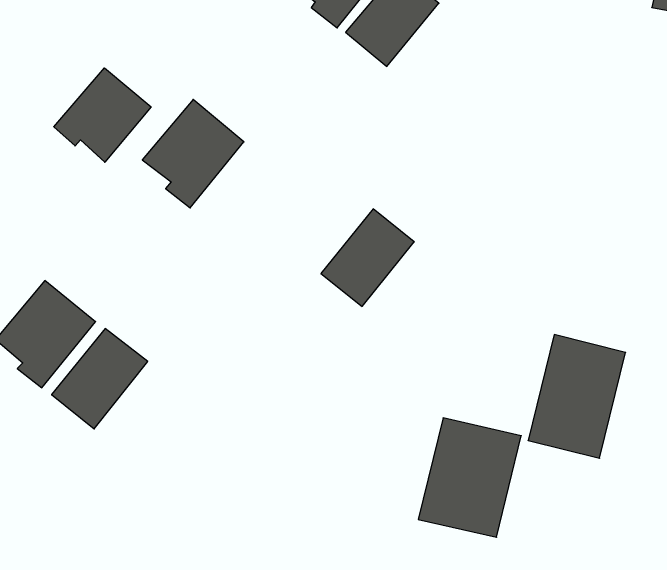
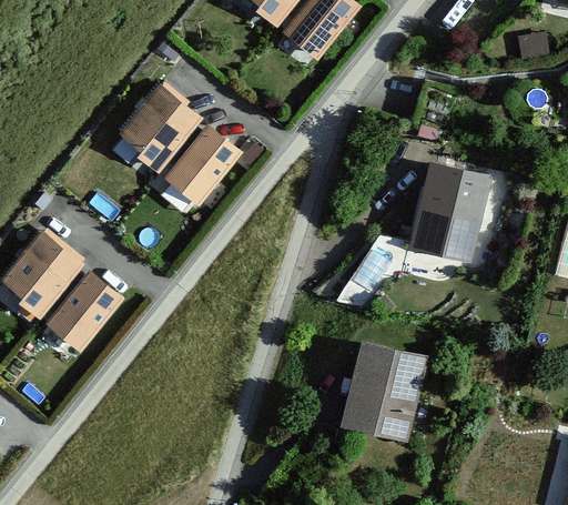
building: [54,68,151,162] -> none
building: [321,209,414,306] -> [164,125,240,204]
building: [528,335,626,458] -> [409,162,488,262]

